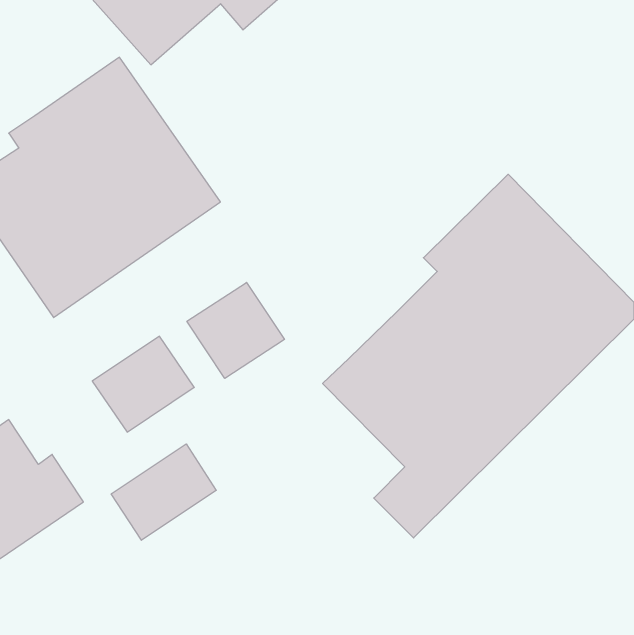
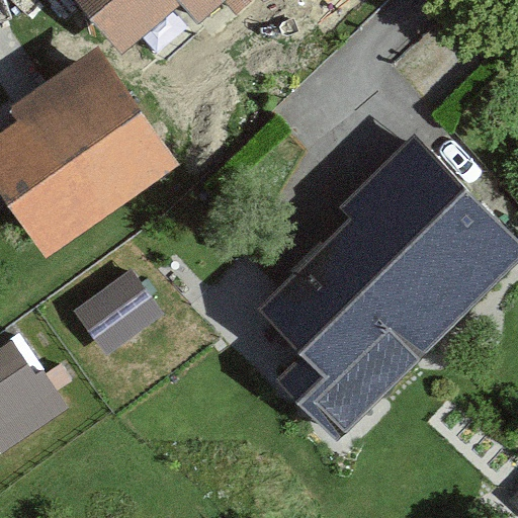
building: [187,282,284,378] -> none
building: [111,444,216,540] -> none

